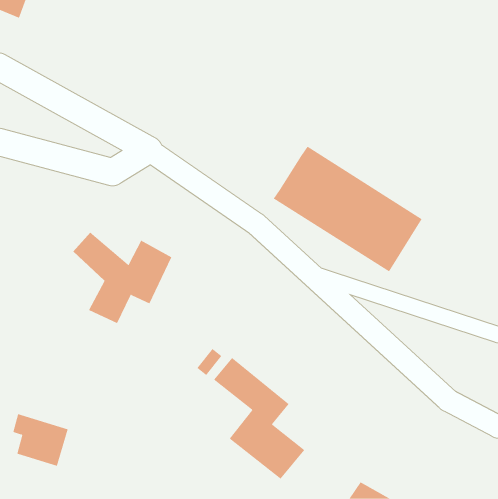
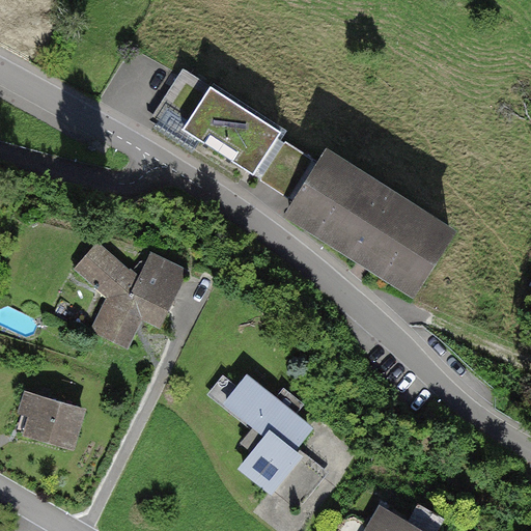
building: none -> [155,72,318,201]
building: [13,414,68,466] -> [22,391,81,447]

